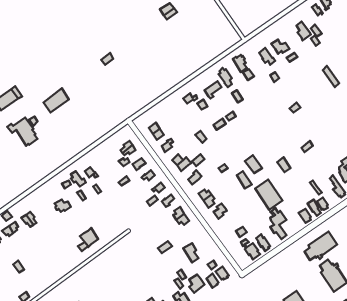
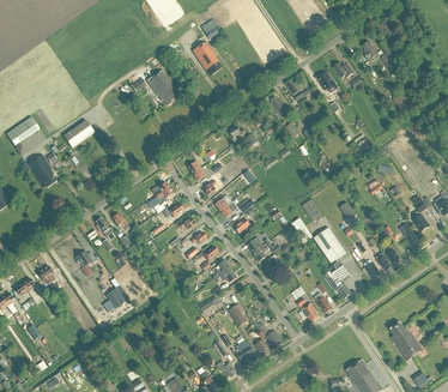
building: none -> [192,41,222,76]
building: none -> [147,66,181,105]
building: [305,232,337,260] -> none

